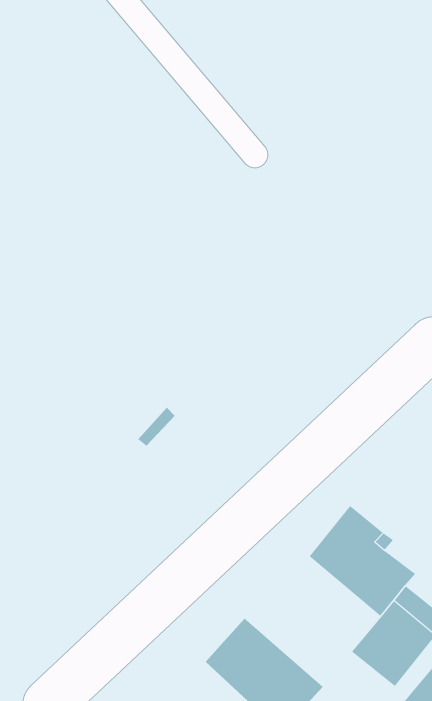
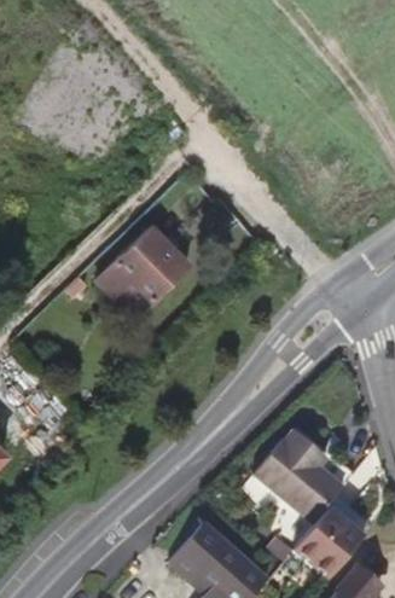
building: none -> [86,236,176,310]

